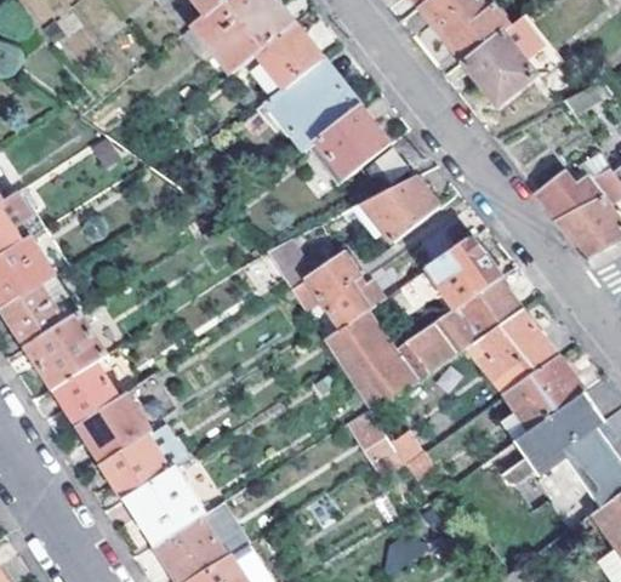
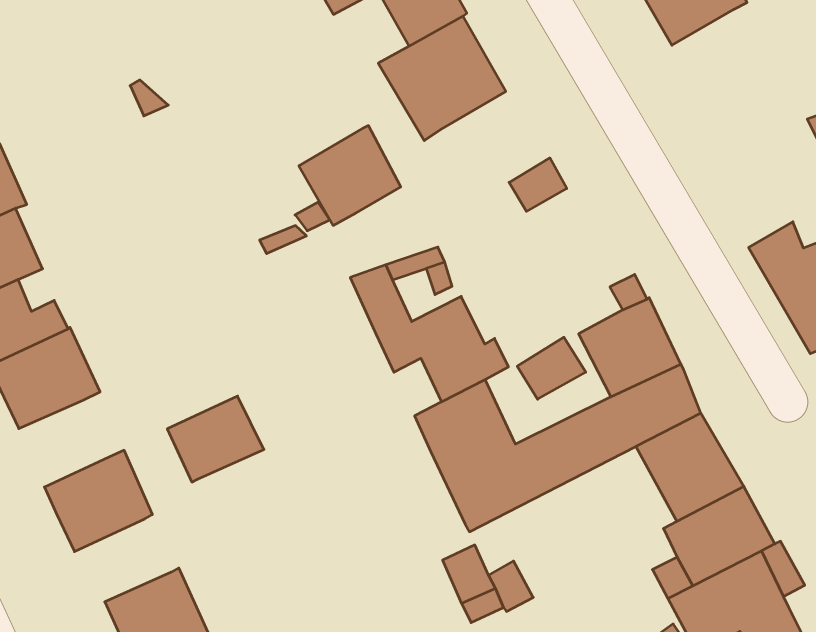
building: [463,32,537,104] -> none
building: [314,107,386,178] -> [299,126,401,225]
building: [361,176,438,241] -> none
building: [53,360,118,423] -> none
building: [103,435,171,498] -> [167,396,264,482]

